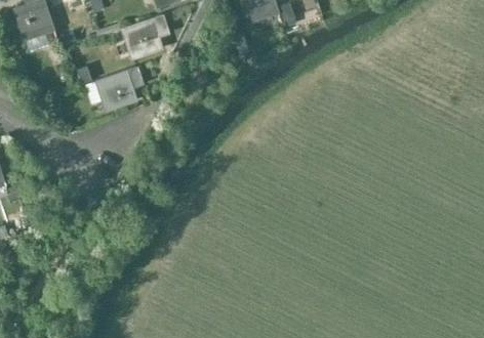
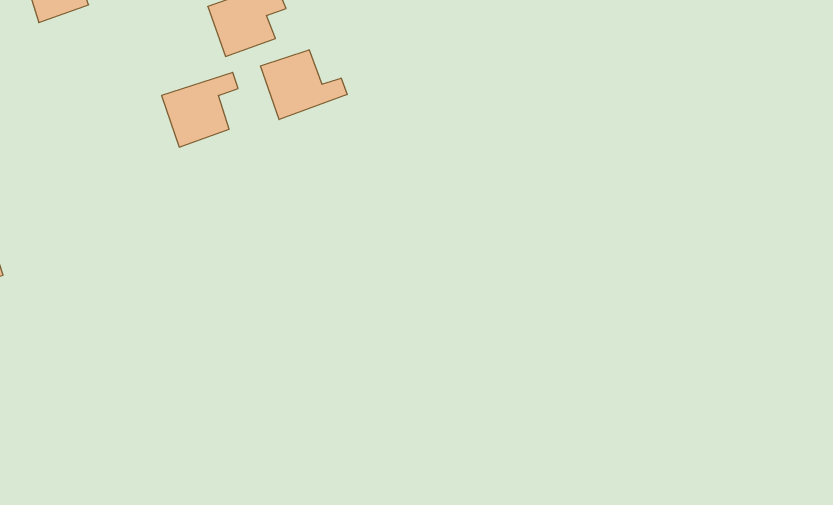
building: none -> [261,50,347,120]

